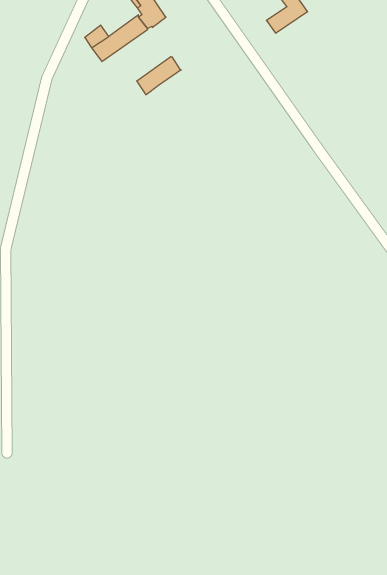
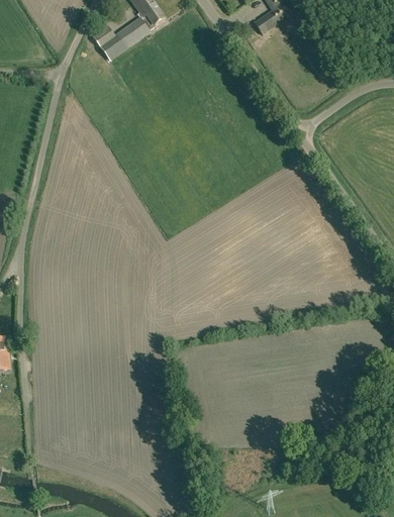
building: [137,57,181,95] -> none

